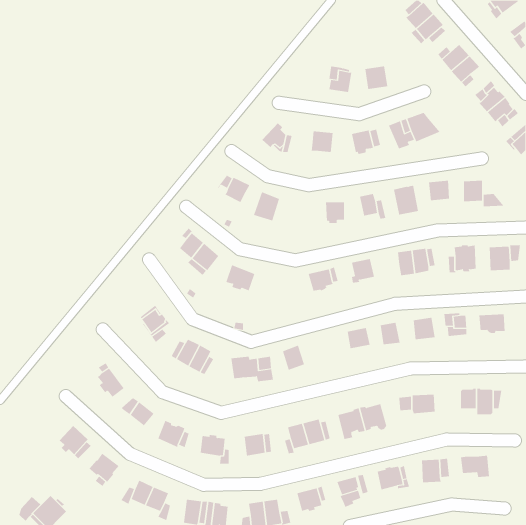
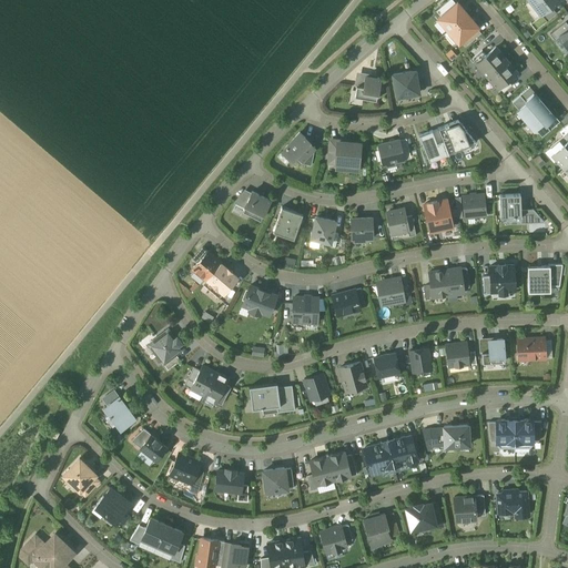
building: none -> [311,217,335,244]
building: none -> [292,297,317,322]
building: none -> [338,363,366,392]

